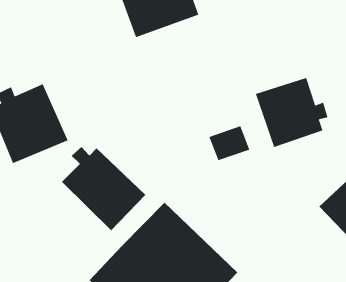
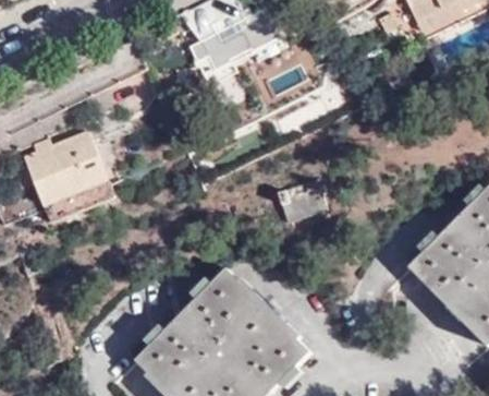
building: [255,77,328,148] -> none
building: [61,146,146,231] -> none

